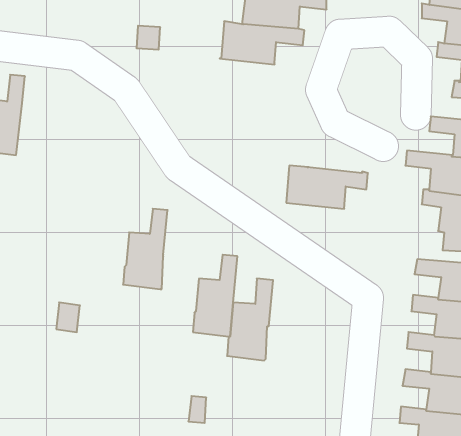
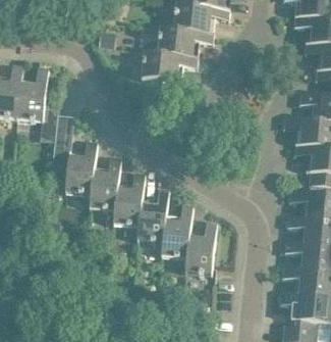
building: none -> [17,65,49,120]
building: none -> [52,116,98,195]
building: [286,166,368,209] -> [143,51,199,81]
building: none -> [115,172,146,227]
building: none -> [186,219,218,275]

